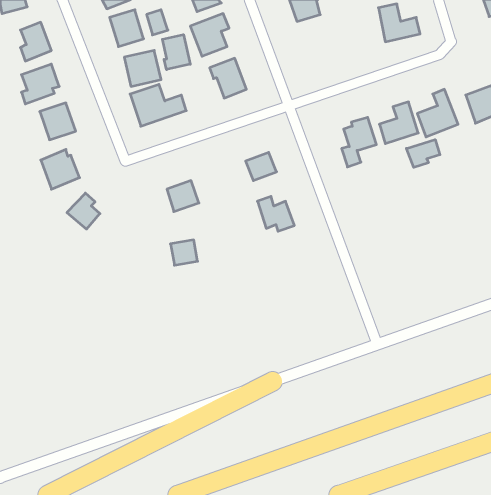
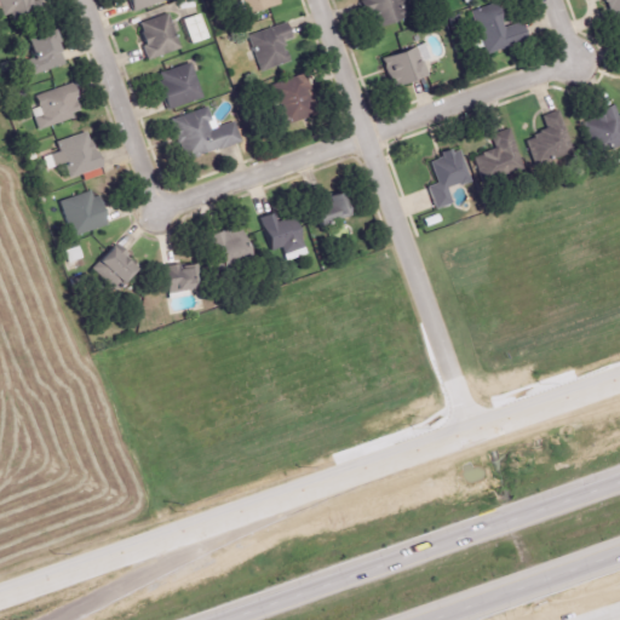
building: [162,35,190,70] -> none
building: none -> [383,44,424,85]
building: [406,140,440,167] -> none
building: [257,196,294,231] -> [262,214,308,258]
building: [170,240,198,265] -> [161,260,195,292]

